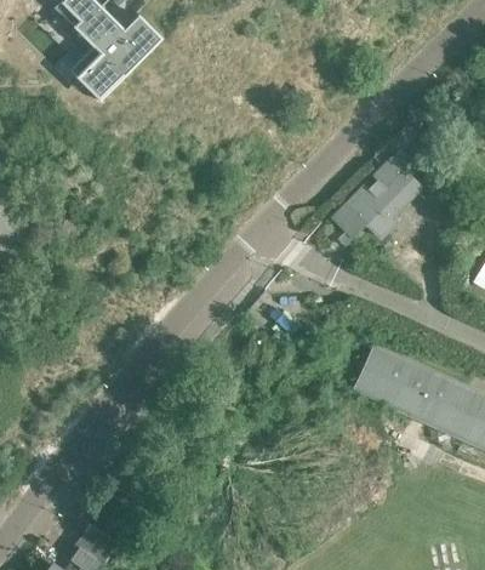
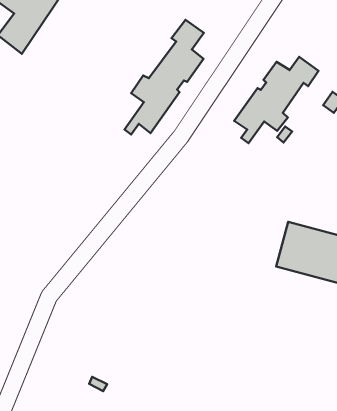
building: none -> [124,20,204,134]

